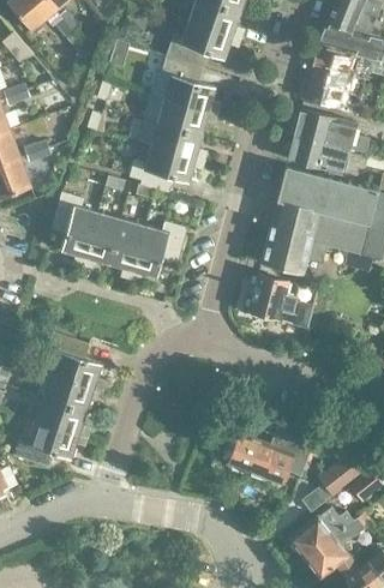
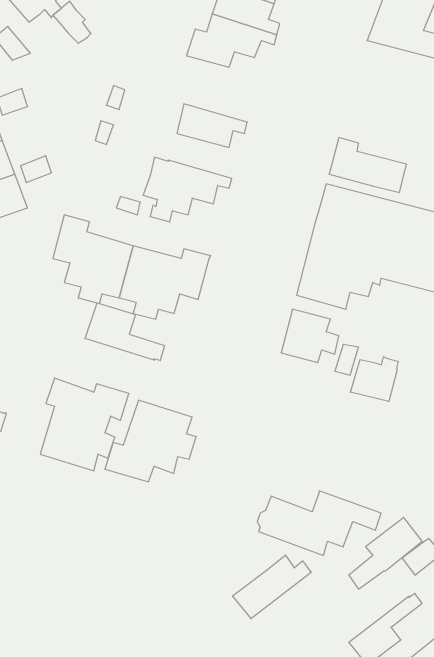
building: [302,52,350,107] -> none
building: [150,55,220,114] -> none
building: [295,109,370,154] -> none
building: [150,124,206,162] -> none
building: none -> [85,303,165,361]
building: none -> [350,357,398,402]
building: [12,397,90,467] -> [105,400,196,482]
building: [288,504,355,558] -> [232,555,311,619]

